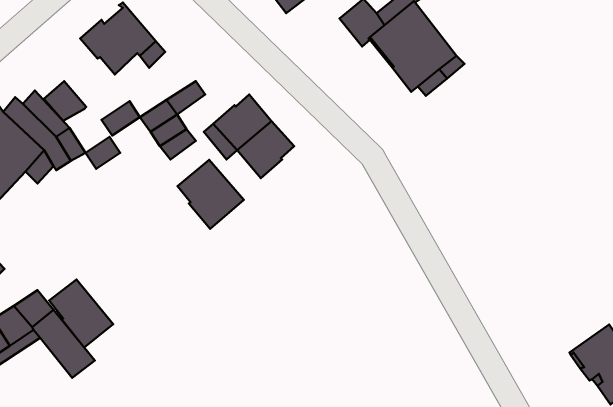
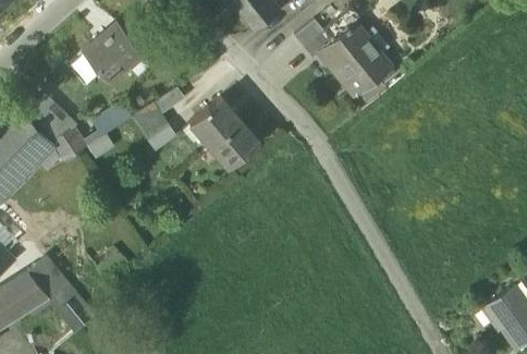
building: [44,81,86,121] -> none
building: [177,160,244,229] -> none
building: [49,279,113,348] -> none

